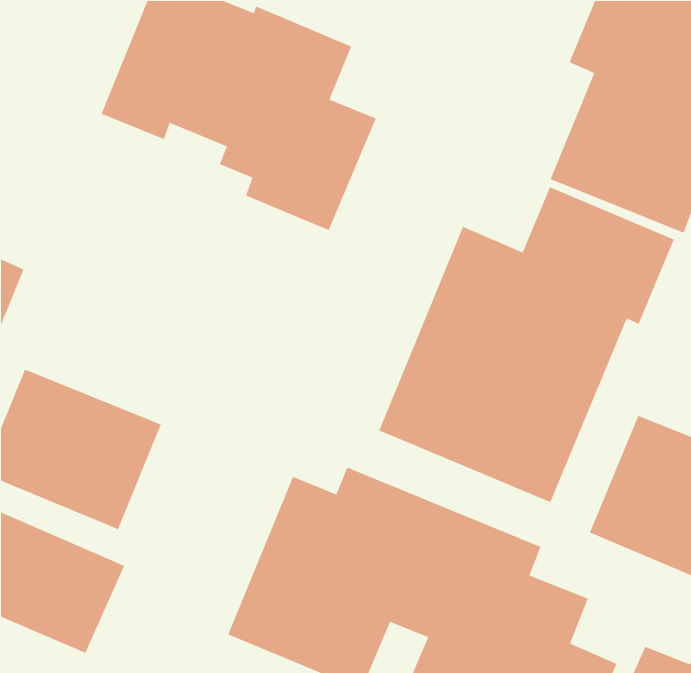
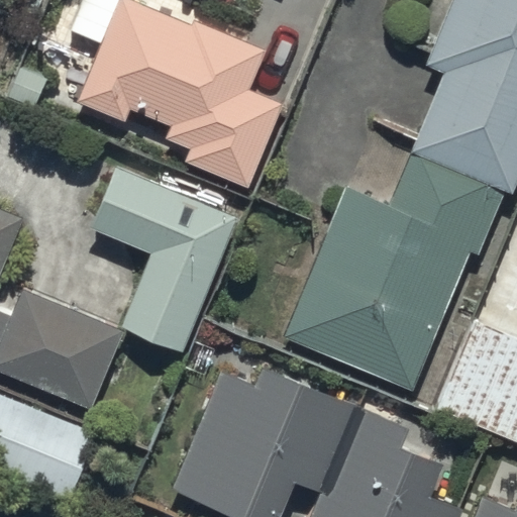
building: none -> [90,166,236,349]

